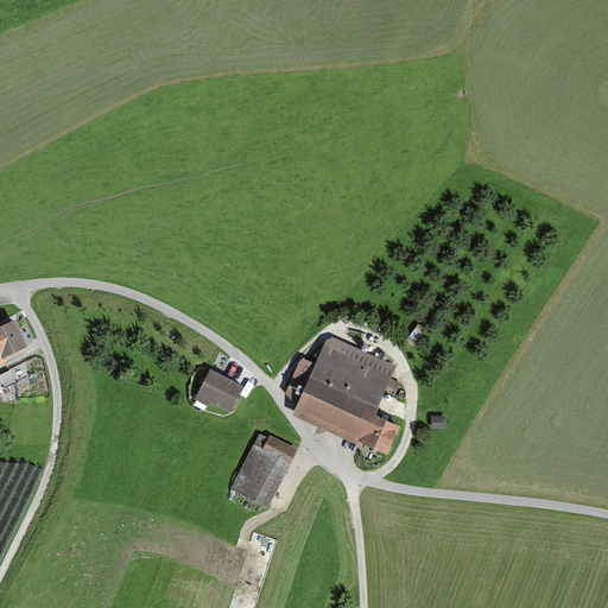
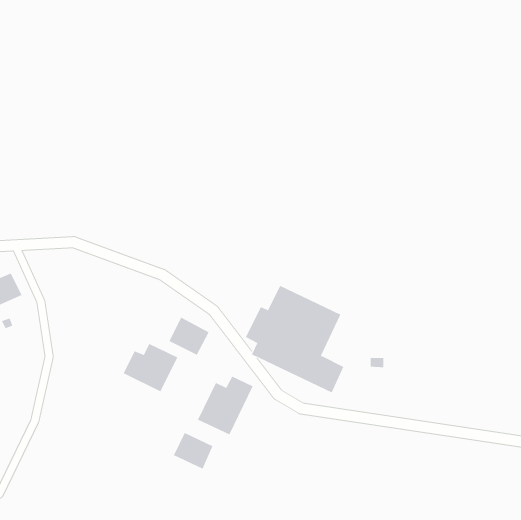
building: none -> [123,343,178,392]
building: none -> [173,432,213,470]

